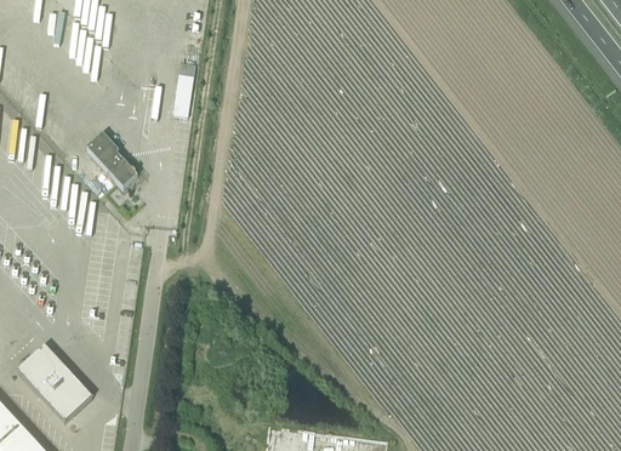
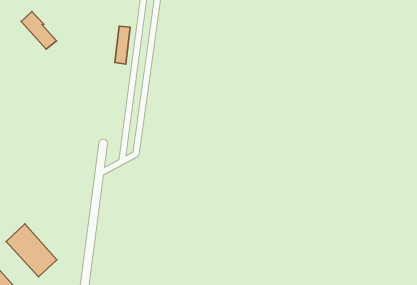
building: [86,132,137,187] -> [21,11,56,49]

